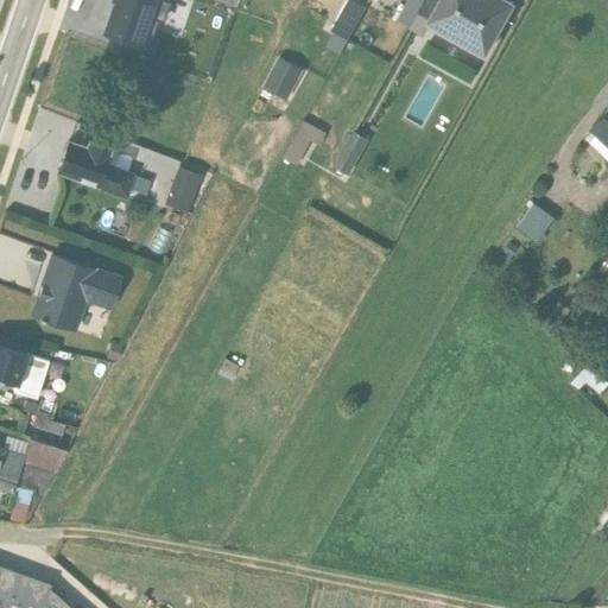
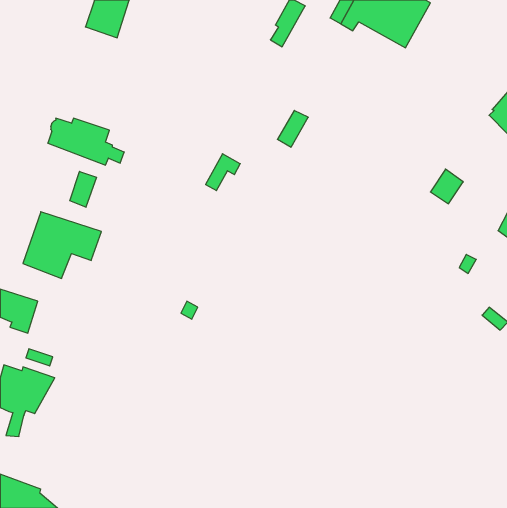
building: [262,57,303,100] -> none
building: [283,121,324,165] -> [206,154,240,191]
building: [165,167,200,211] -> none
building: none -> [70,171,96,207]

